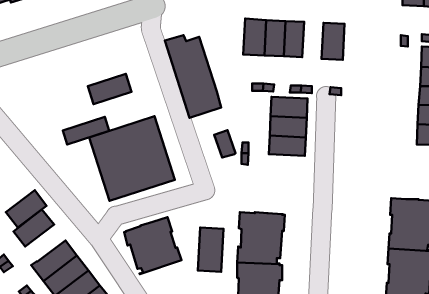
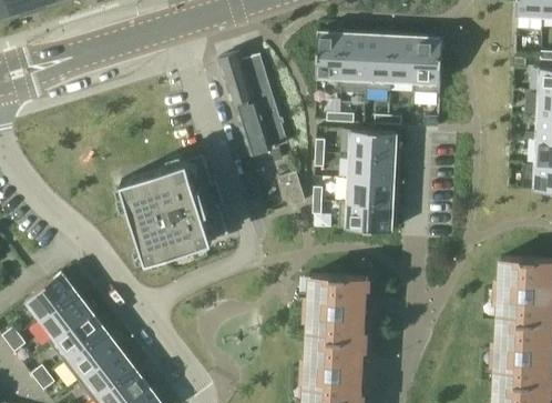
building: none -> [390,37,417,83]
building: [88,74,132,104] -> none
building: [63,117,109,145] -> none
building: none -> [347,203,393,232]
building: [6,190,46,227] -> [41,292,92,339]
building: [124,217,182,274] -> none
building: [198,228,224,272] -> none

